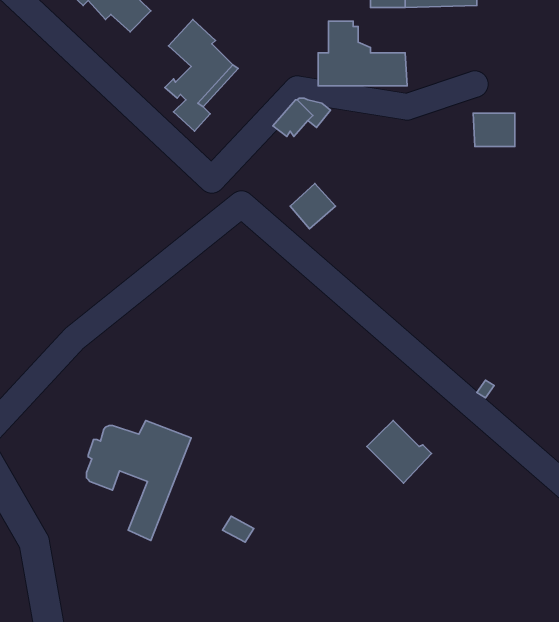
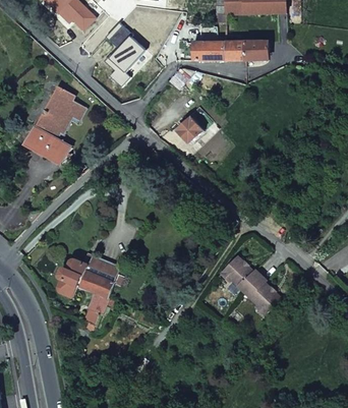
building: [473,113,515,146] -> [243,41,268,60]
building: none -> [24,86,83,162]
building: none -> [242,275,278,312]

